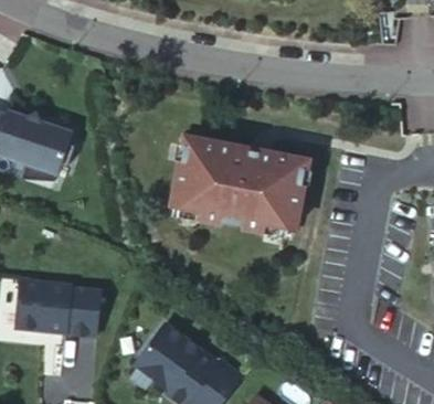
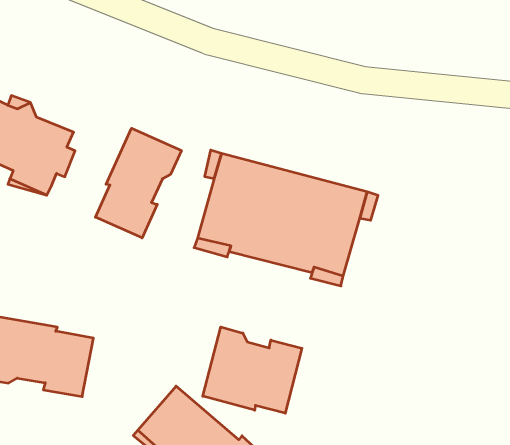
building: none -> [95,128,181,238]
building: none -> [203,327,302,413]

